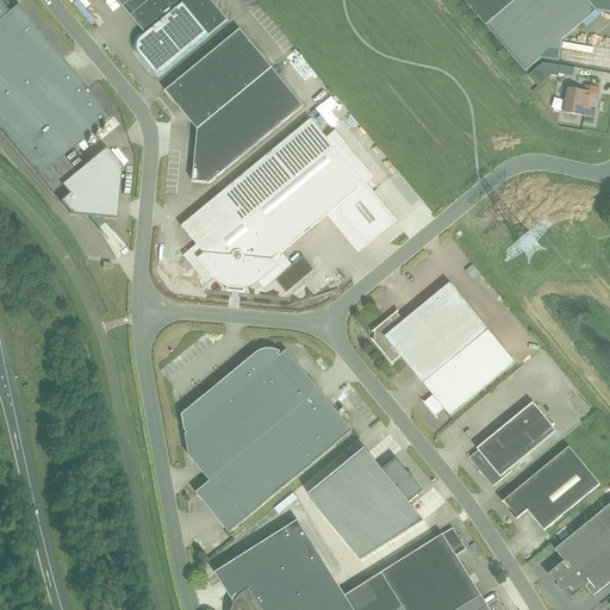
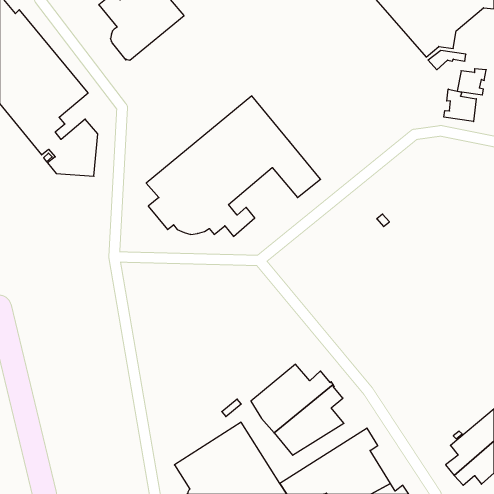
building: [164,29,301,181] -> none
building: none -> [444,89,476,122]
building: [372,281,515,416] -> none
building: [181,348,351,531] -> none
building: [468,402,555,485] -> none
building: [503,446,599,529] -> none

